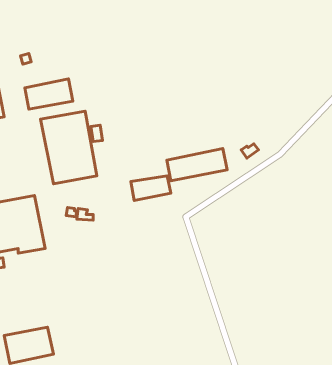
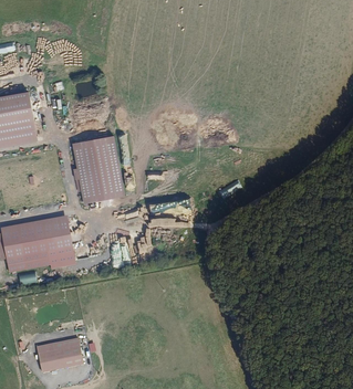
building: [25,79,73,109] -> none
building: [167,149,227,181] -> none

